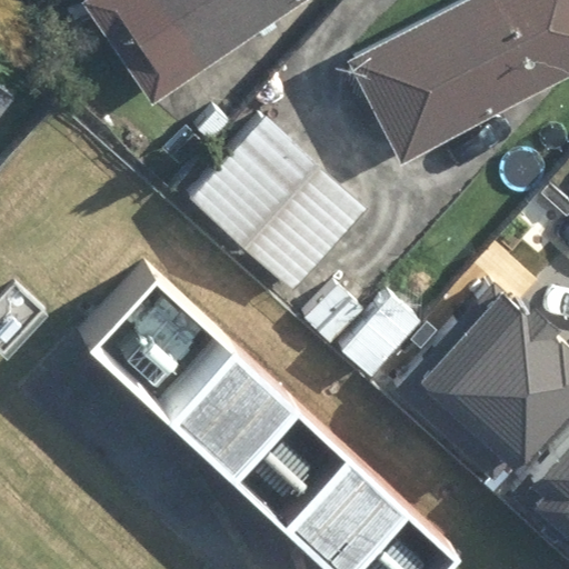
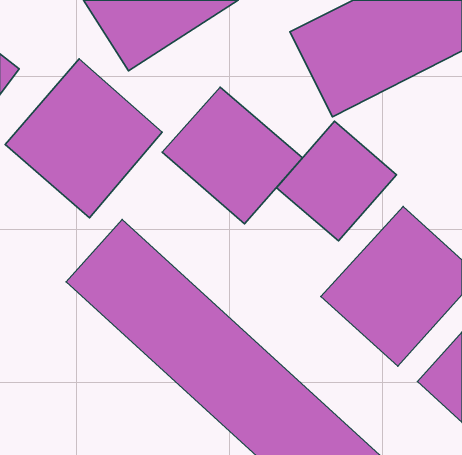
building: none -> [5,59,162,218]
building: none -> [276,121,397,241]

